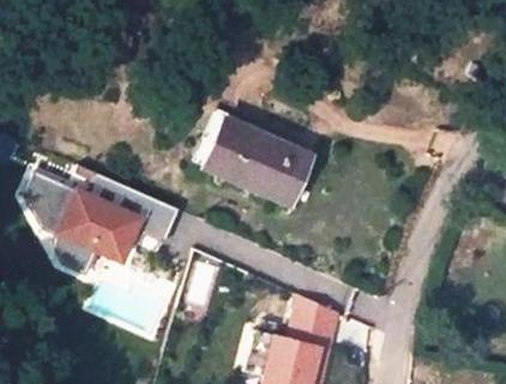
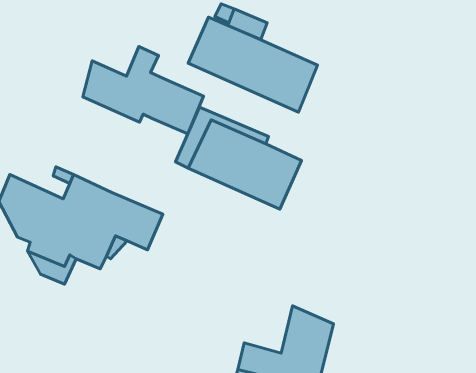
building: none -> [188,17,318,112]
building: none -> [83,47,204,134]

